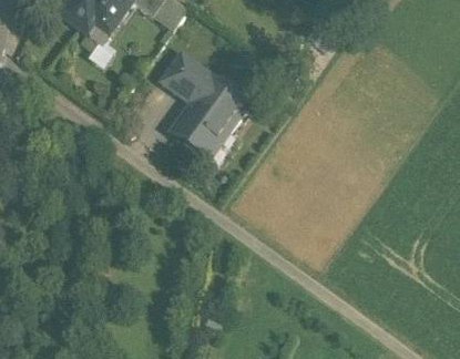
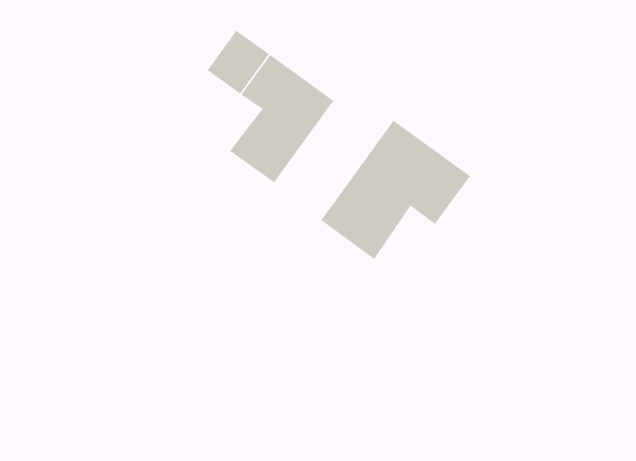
building: none -> [321,120,471,260]

